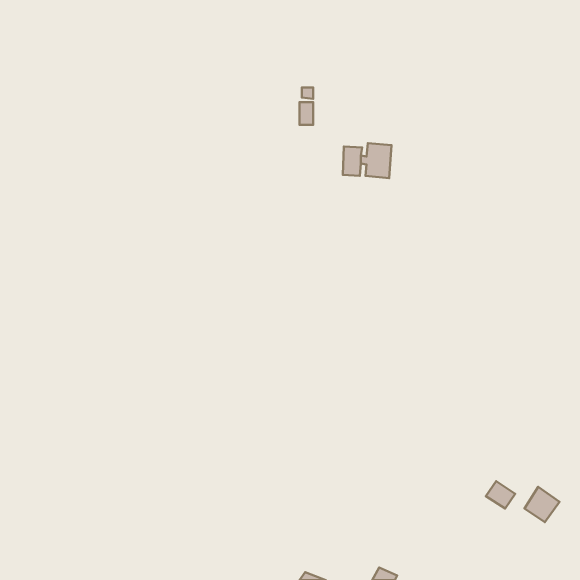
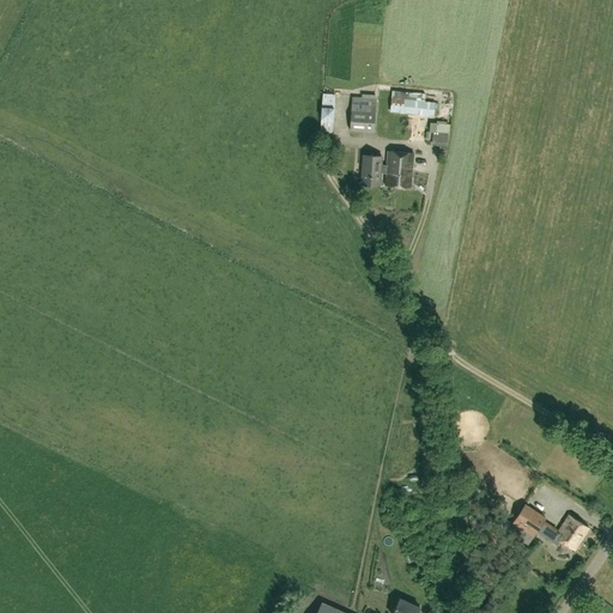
building: none -> [387,89,435,115]
building: none -> [350,96,376,132]

